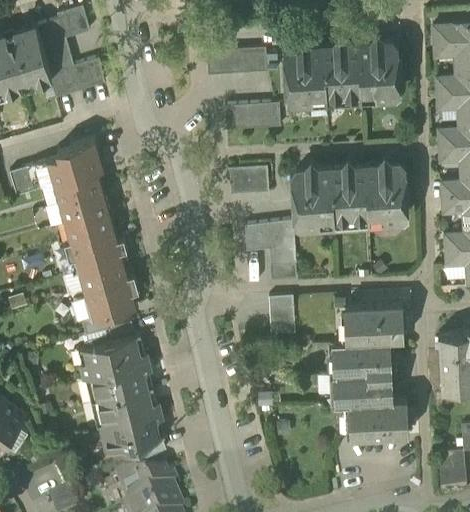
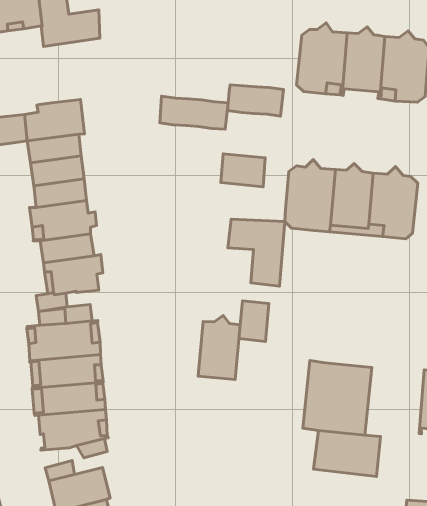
building: [206,47,267,74] -> [160,96,228,129]
building: [346,301,404,340] -> none
building: none -> [198,315,240,379]

